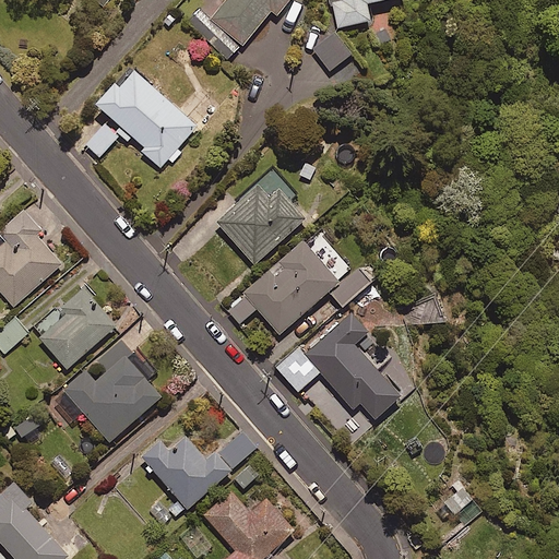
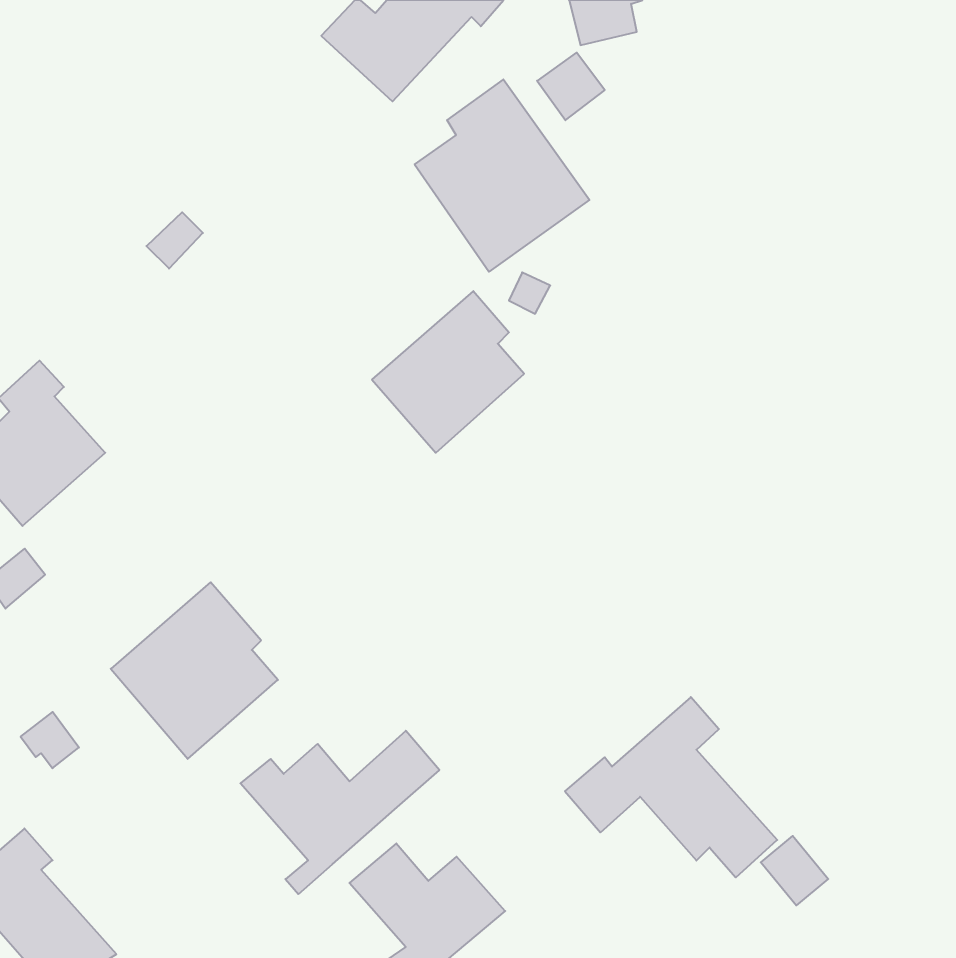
building: none -> [415,79,589,272]
building: [96,70,198,169] -> none
building: [226,241,370,334] -> none
building: [36,292,117,371] -> none
building: [276,313,400,418] -> [565,697,777,877]

